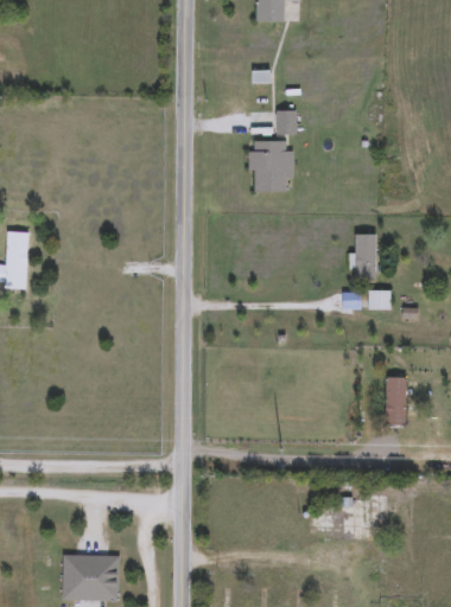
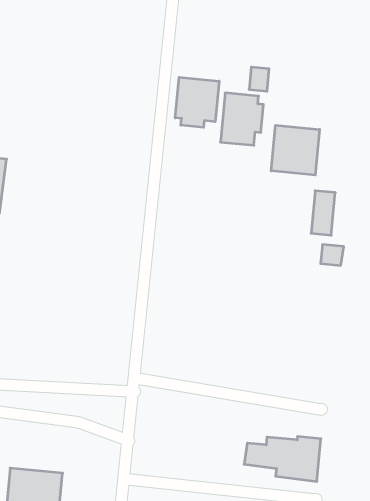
building: none -> [175,77,219,127]
building: none -> [271,125,320,175]
building: [386,377,407,426] -> none

